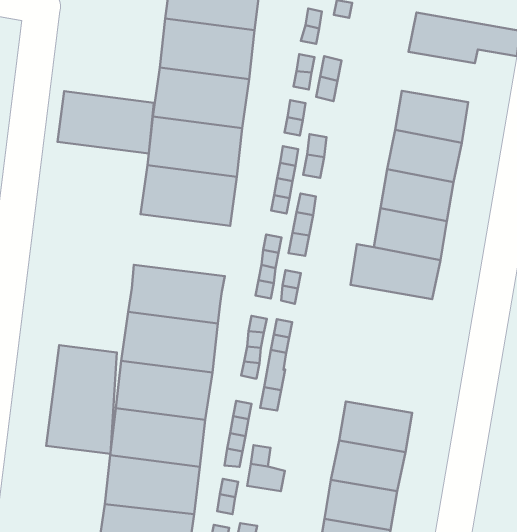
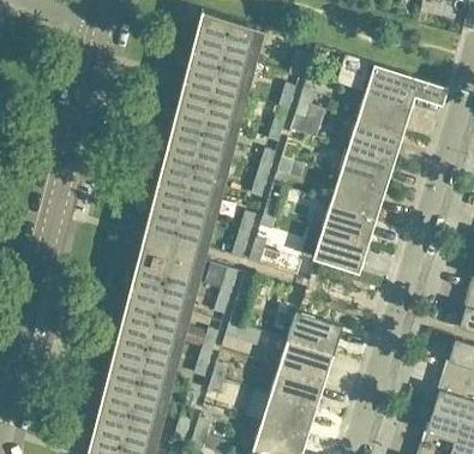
building: none -> [355,92,410,135]
building: [58,91,154,153] -> [145,185,218,238]
building: [46,345,117,454] -> none
building: none -> [286,311,341,354]

